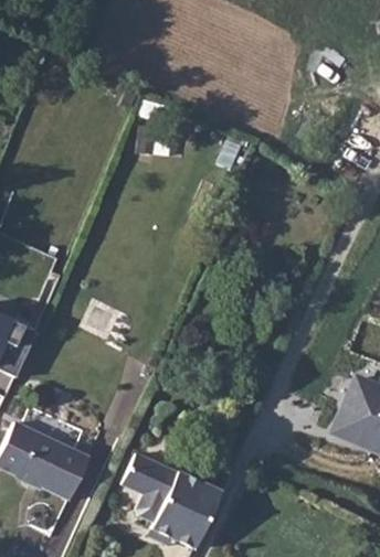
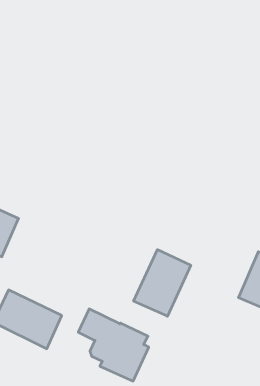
building: none -> [134,250,191,316]

